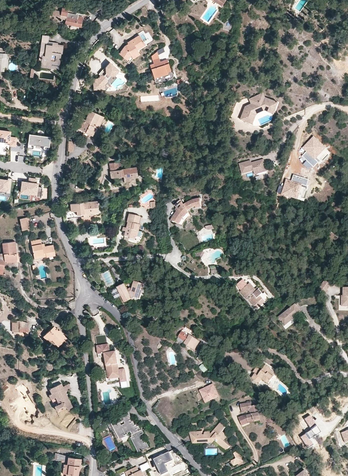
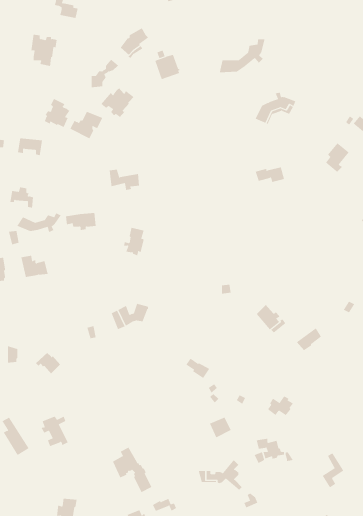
building: none -> [219,38,265,73]
building: none -> [101,88,134,118]
building: none -> [44,98,70,128]
building: [283,176,309,200] -> none
building: [171,198,201,223] -> none
building: none -> [16,212,62,233]
building: [96,343,127,381] -> none

